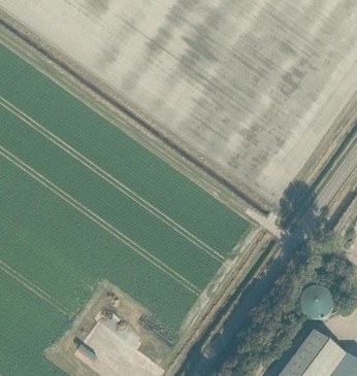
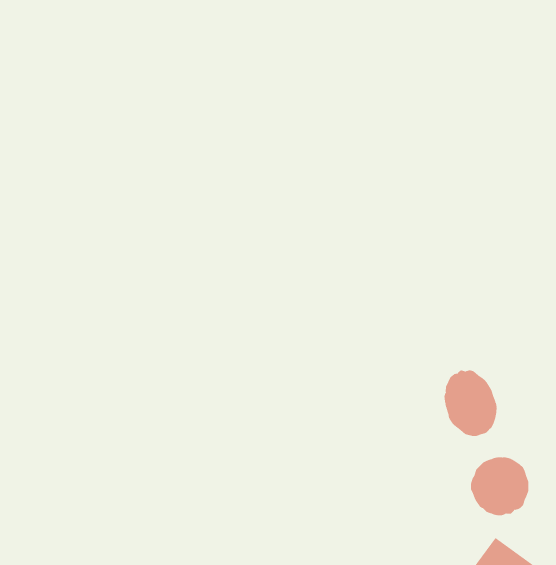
building: none -> [444,369,497,437]

